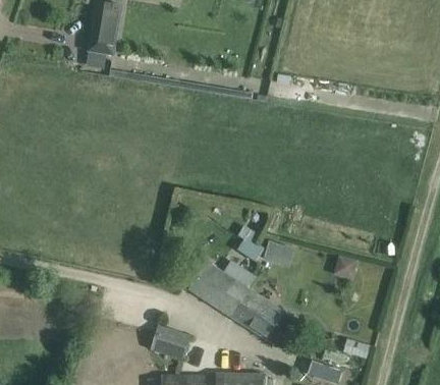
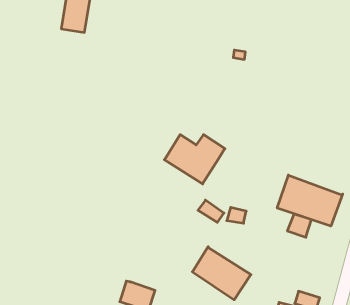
building: none -> [277,175,343,226]
building: [188,262,255,316] -> [164,135,225,184]

